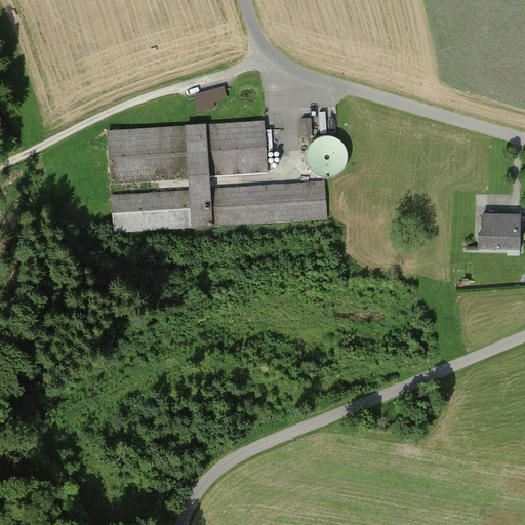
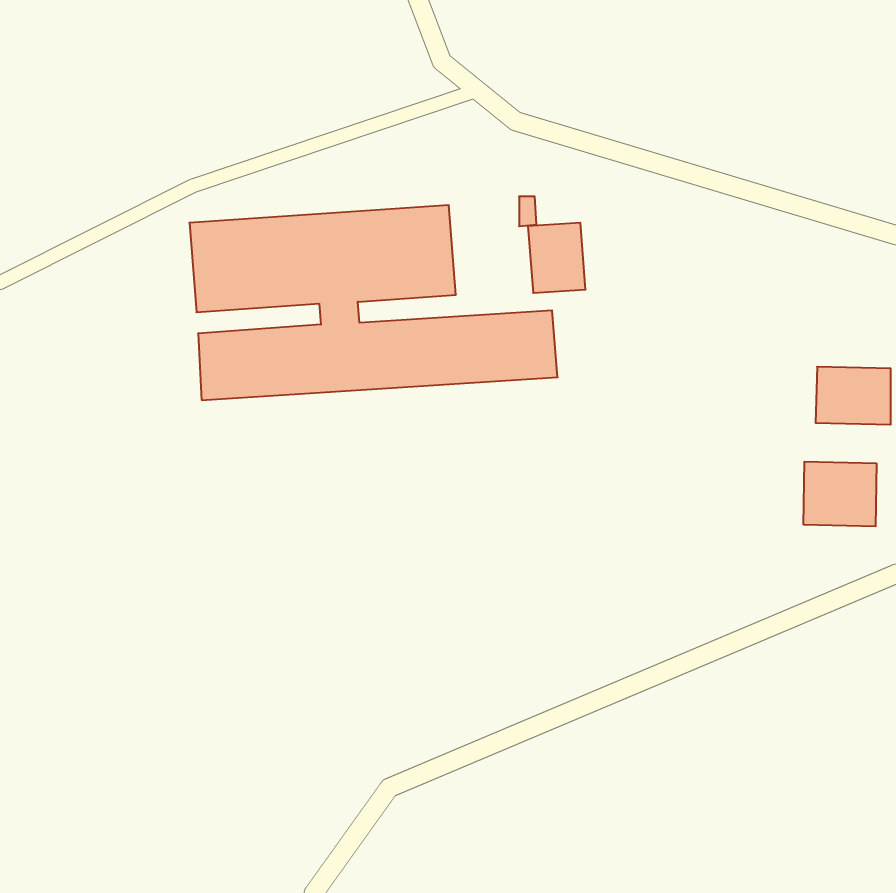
building: [196,85,229,109] -> none
building: none -> [804,462,876,526]

